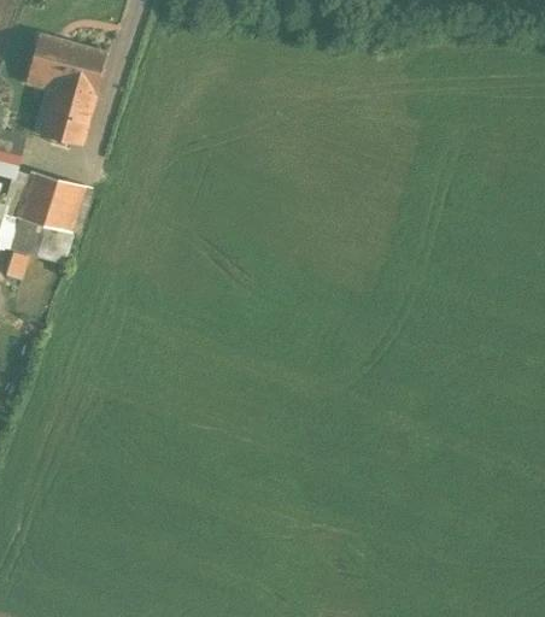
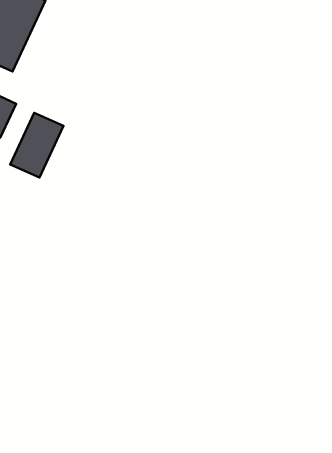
building: none -> [10,113,63,177]

